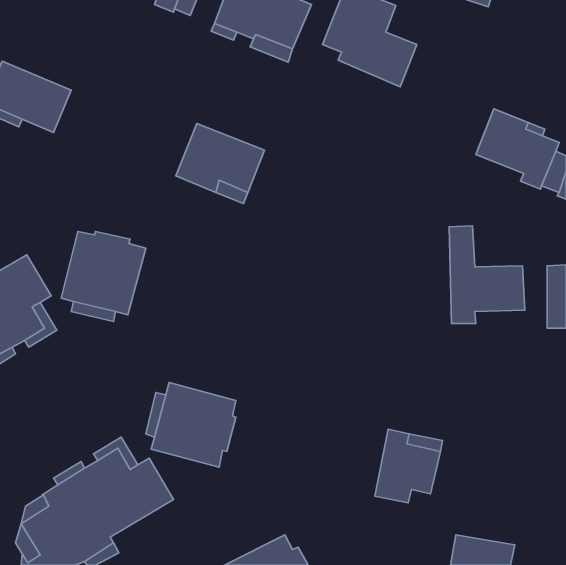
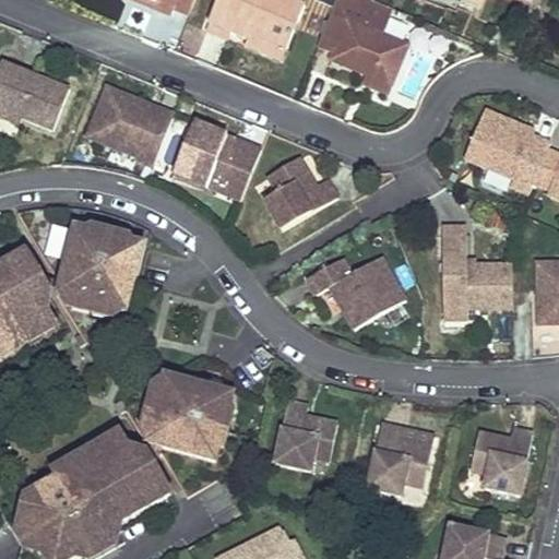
building: none -> [84,86,174,165]
building: none -> [263,153,338,229]
building: none -> [308,252,405,324]
building: none -> [275,399,337,468]
building: none -> [471,426,533,492]

